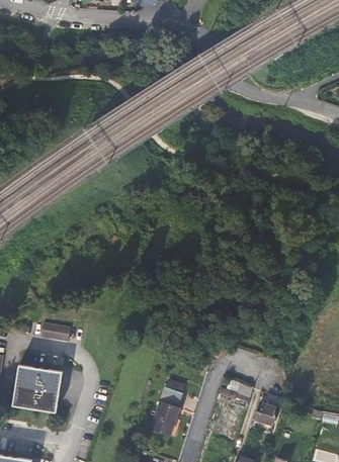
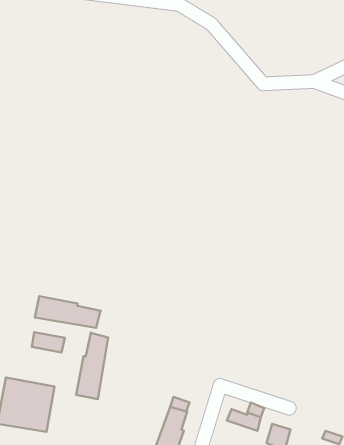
building: none -> [35,296,101,328]
building: none -> [76,332,108,399]

